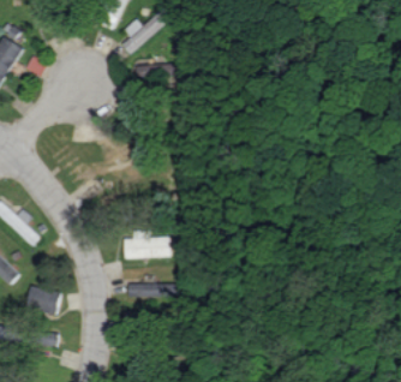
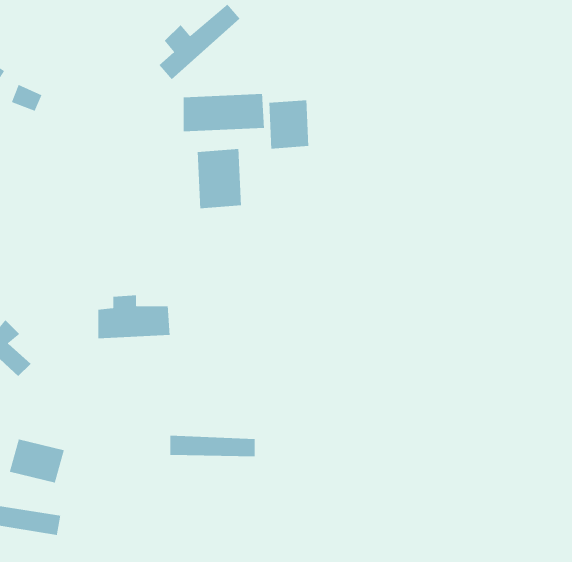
building: none -> [268,99,309,149]
building: none -> [197,148,242,209]
building: [122,229,169,258] -> [98,294,170,339]

